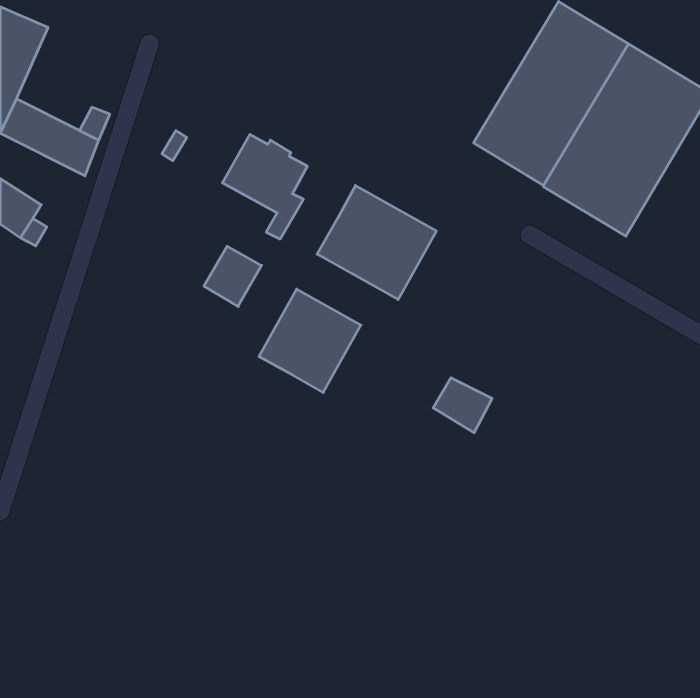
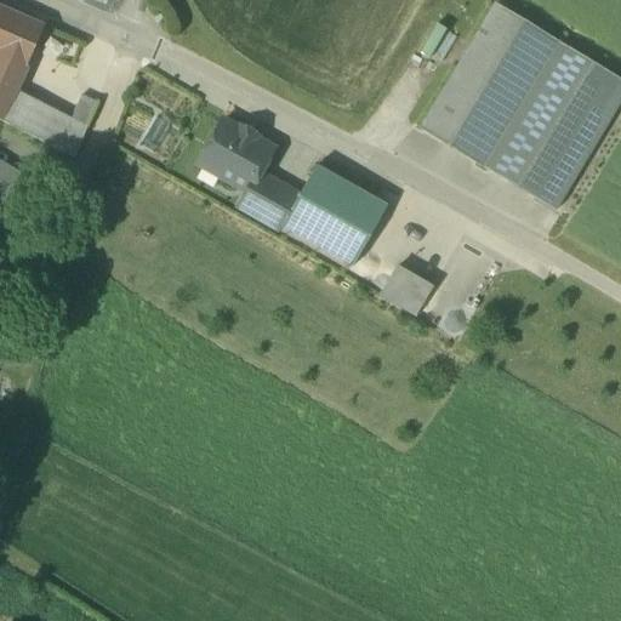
building: [204,246,262,307] -> [249,176,300,229]
building: [259,289,361,393] -> none
building: [433,378,492,433] -> [380,266,432,314]

